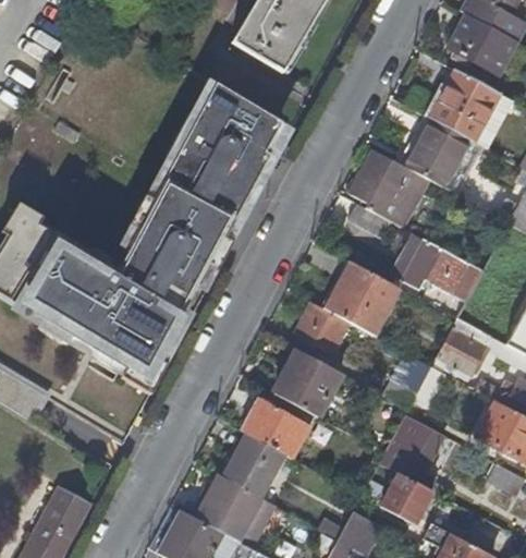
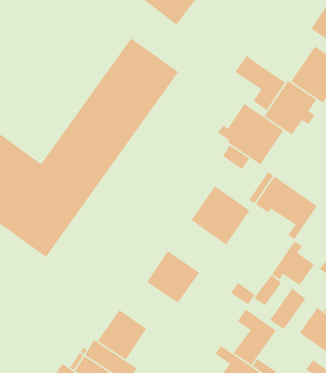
building: none -> [234,55,286,111]
building: [293,303,350,355] -> none
building: none -> [269,287,306,330]
building: [241,397,309,459] -> none

